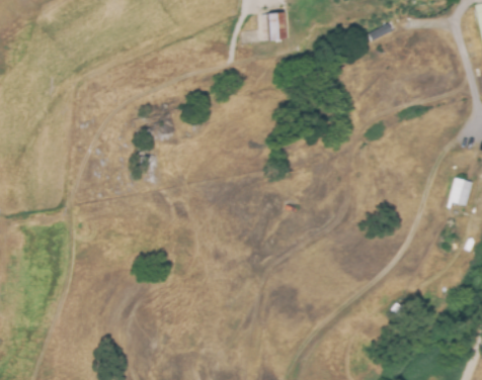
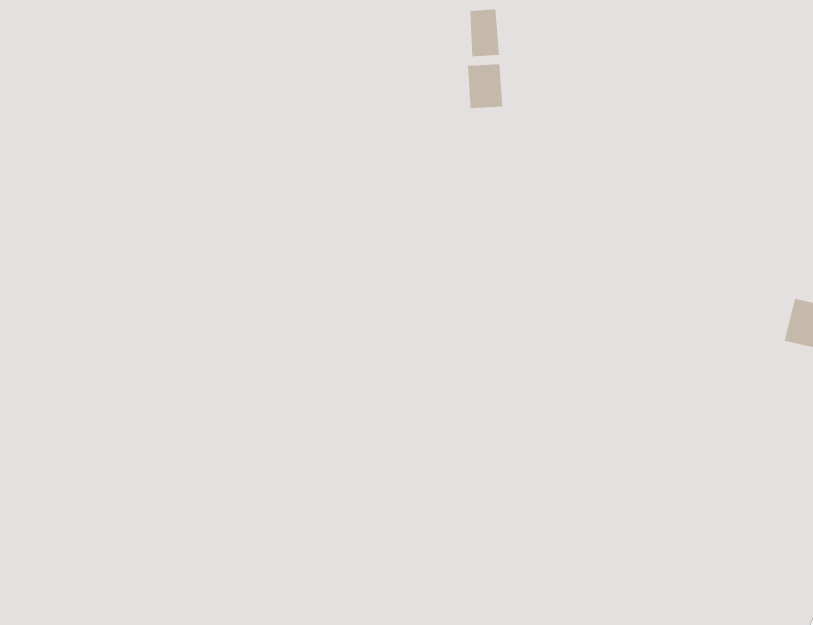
building: none -> [468,63,503,109]

